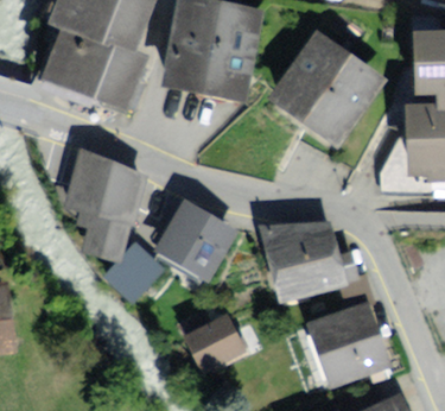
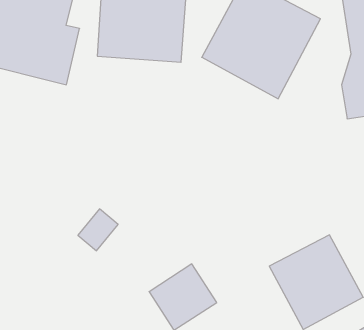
building: [66,152,145,254] -> none
building: [154,196,237,277] -> none
building: [259,226,347,304] -> none

